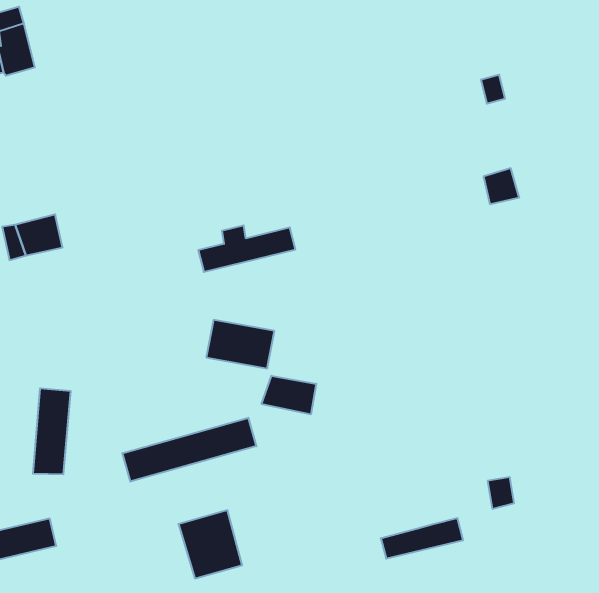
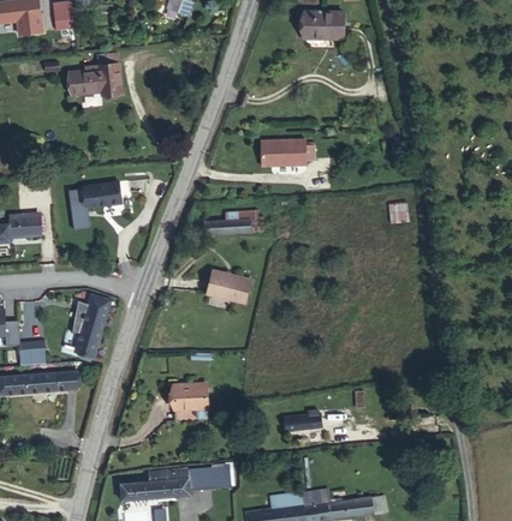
building: none -> [254,138,299,166]
building: [262,376,316,414] -> none
building: [122,418,256,482] -> none

